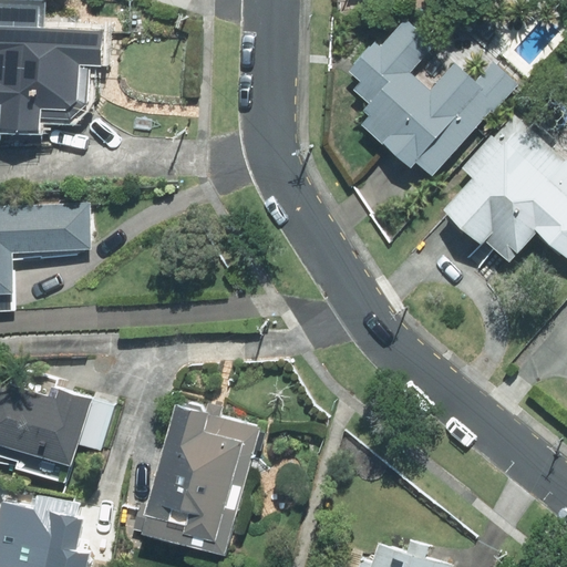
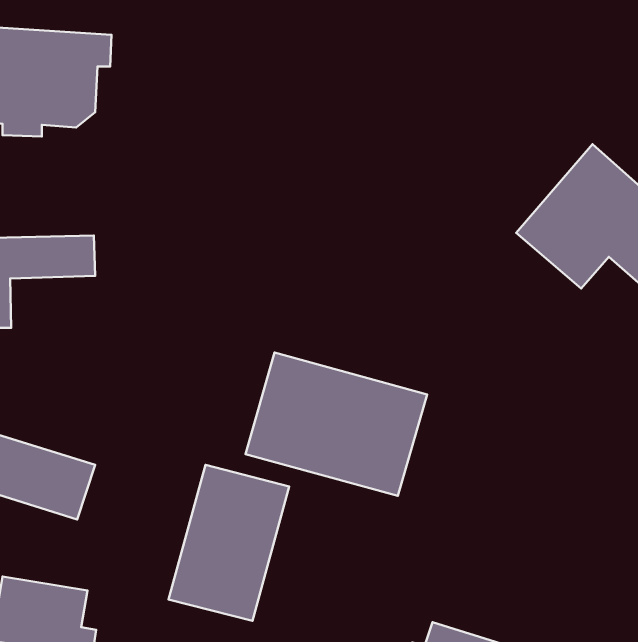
building: [355,24,511,173] -> none
building: none -> [245,353,427,496]

